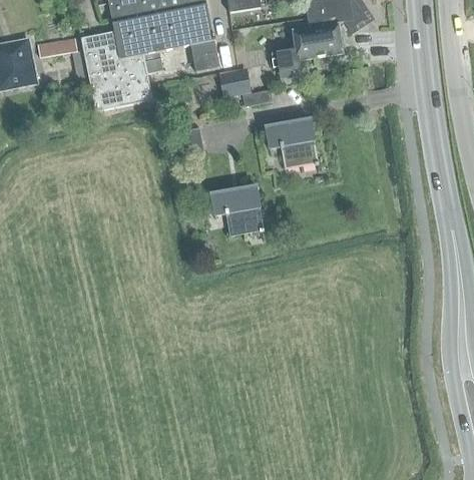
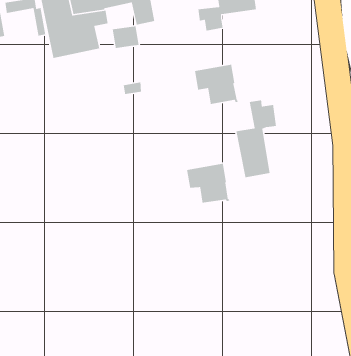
building: [218,67,252,95] -> [112,26,139,49]
building: none -> [236,99,277,178]
building: [211,184,265,233] -> [186,163,230,204]

